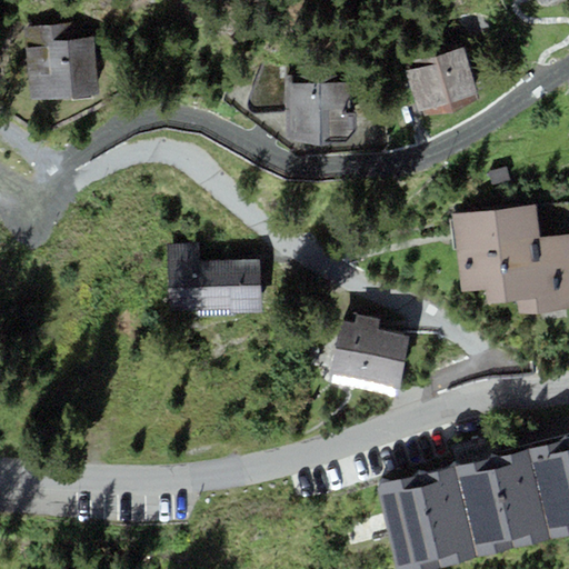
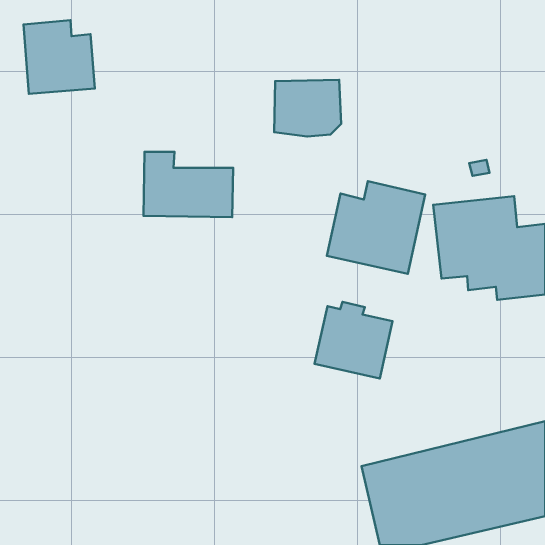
building: [406,53,478,116] -> none
building: none -> [327,181,425,274]
building: [168,243,261,311] -> [144,152,233,217]

